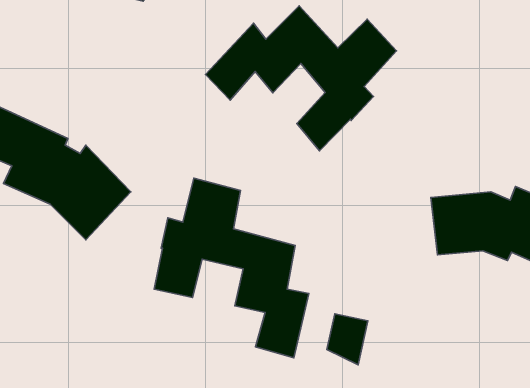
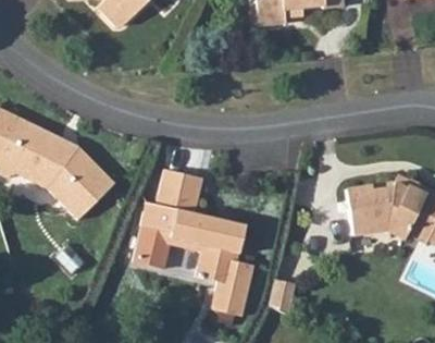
building: [206,6,396,151] -> none

